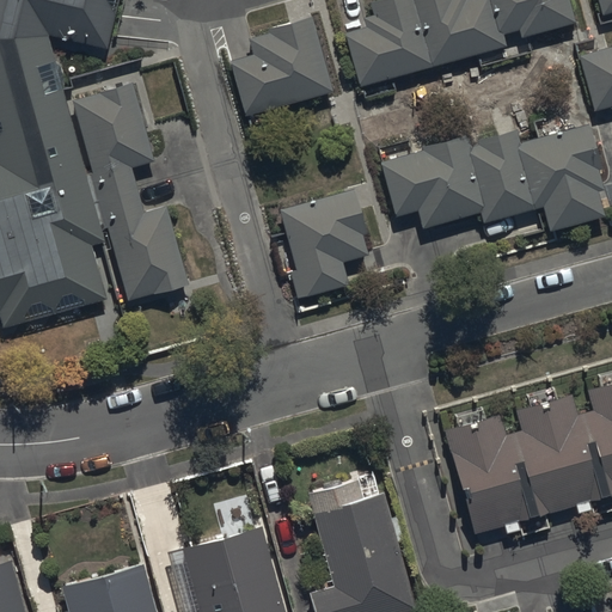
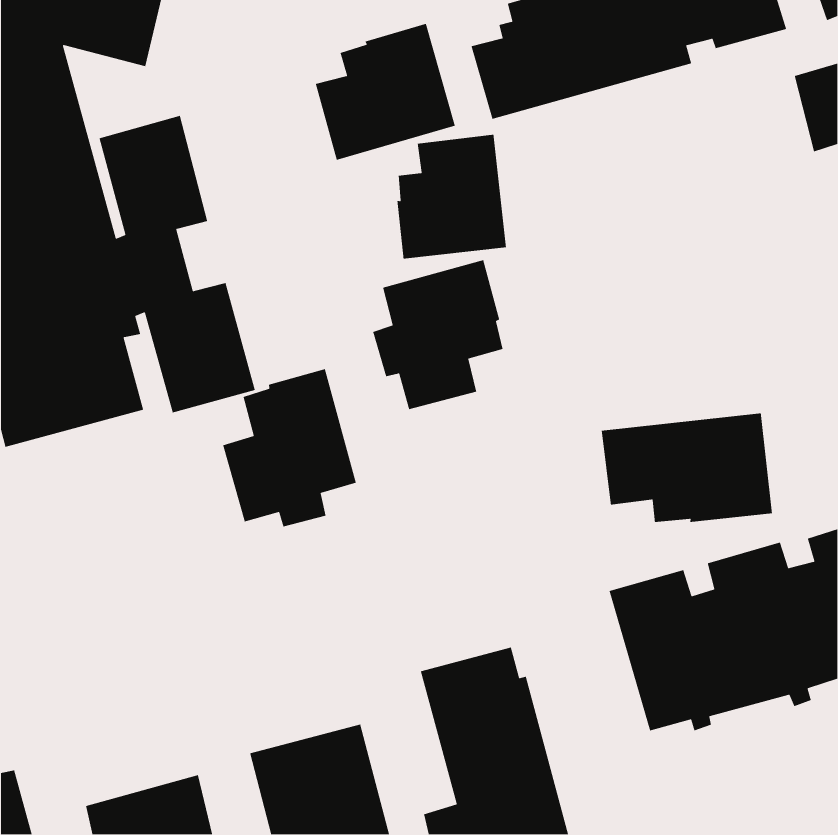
building: none -> [396,134,507,260]
building: [380,124,604,231] -> none
building: none -> [222,368,357,528]
building: none -> [601,412,773,523]

